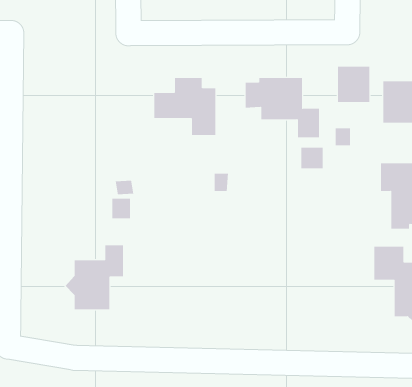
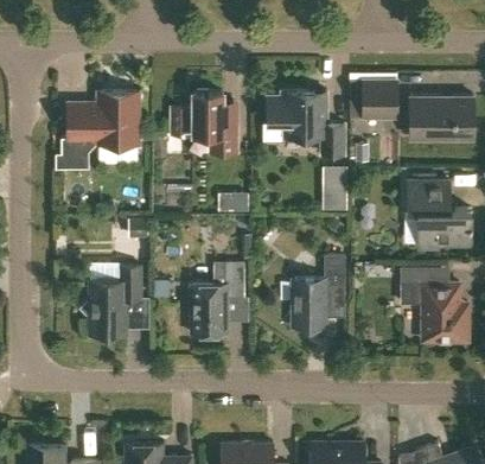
building: none -> [62,93,139,155]
building: none -> [293,256,345,335]
building: none -> [191,263,244,335]

